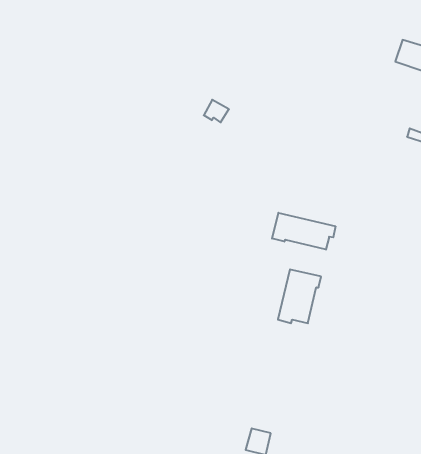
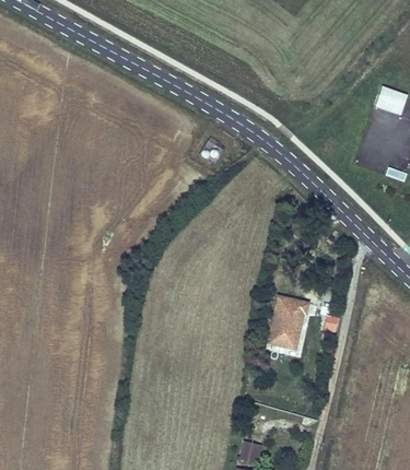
building: [272,213,335,250] -> none

